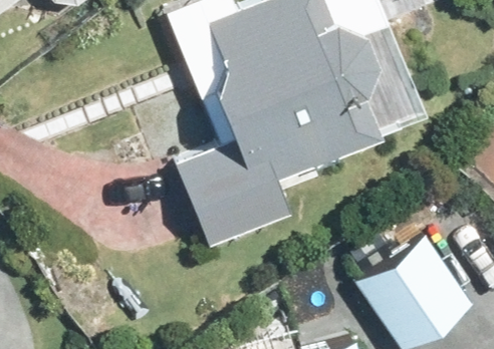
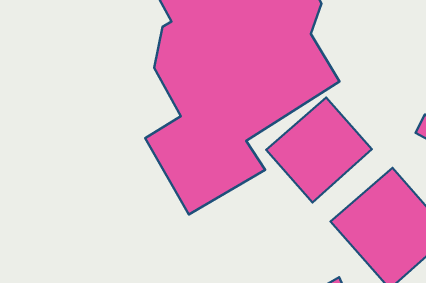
building: none -> [266,97,372,202]

